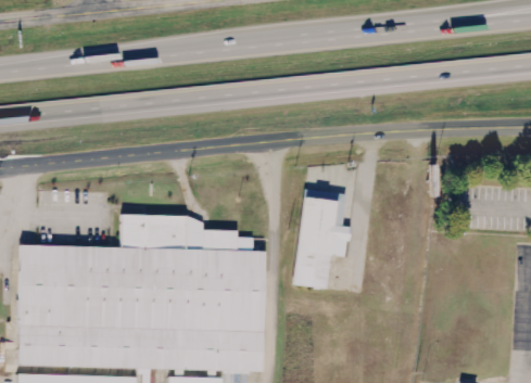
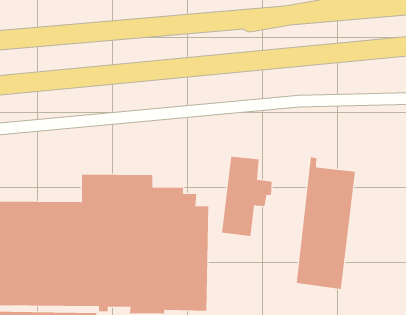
building: none -> [296,157,356,290]

